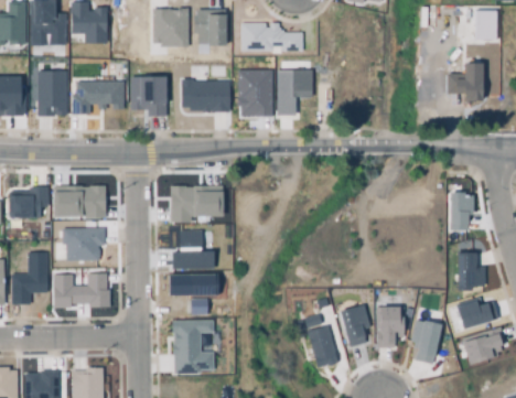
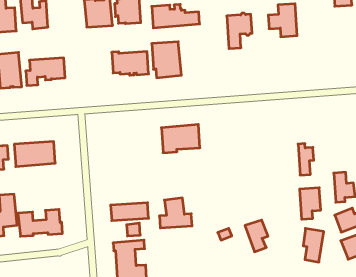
building: [448,62,483,103] -> [268,4,297,37]
building: [280,67,311,111] -> [227,13,252,49]
building: [130,78,165,115] -> none
building: [171,187,218,220] -> [161,124,200,153]
building: [453,190,472,229] -> [298,144,314,175]
building: [61,228,103,260] -> none
building: [171,232,212,268] -> [159,198,192,228]
building: [378,306,404,345] -> [300,188,321,219]
building: [308,325,337,366] -> none

